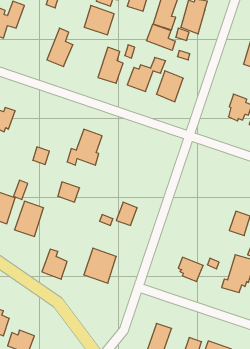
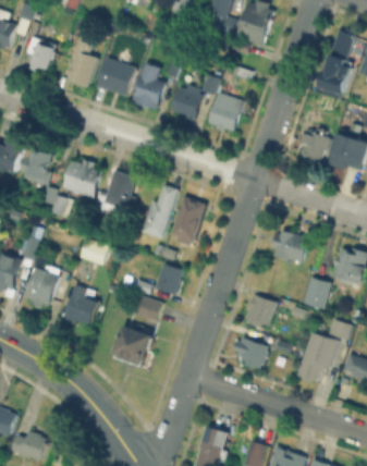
building: [84,5,114,35] -> [97,59,136,97]
building: [147,24,175,50] -> none
building: none -> [26,38,56,70]
building: none -> [22,147,58,183]
building: none -> [65,158,103,198]
building: none -> [142,186,178,240]
building: none -> [168,196,207,246]
building: none -> [273,230,310,262]
building: none -> [135,295,163,322]
building: none -> [244,295,277,328]
building: [42,249,67,279] -> [65,285,98,324]

